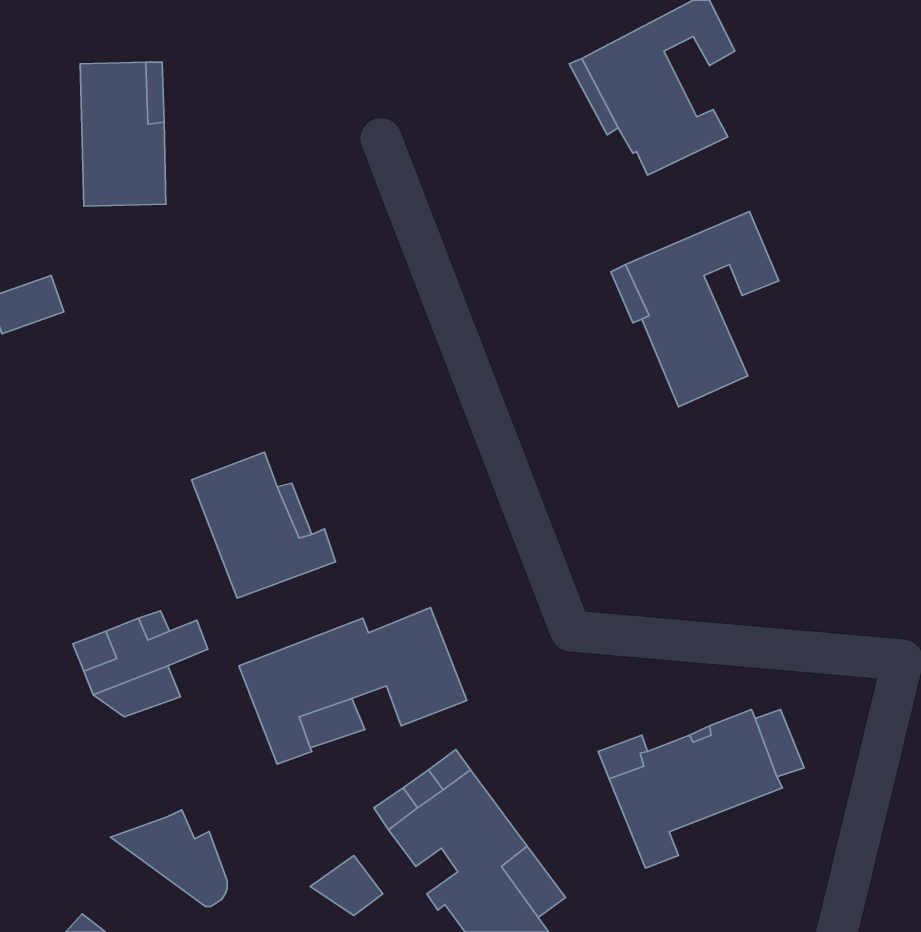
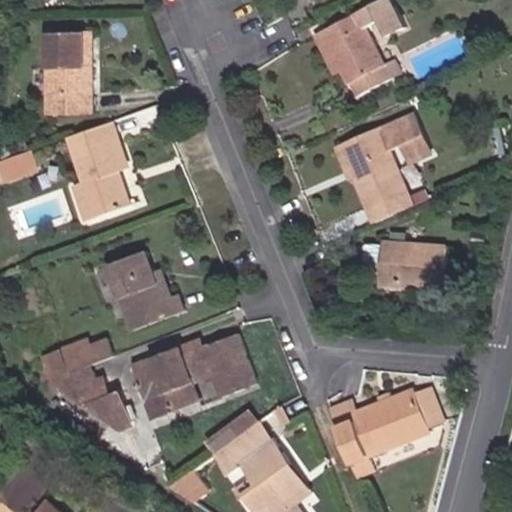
building: none -> [67,122,128,221]
building: none -> [361,241,443,287]
building: [111,810,227,906] -> [68,378,132,431]

